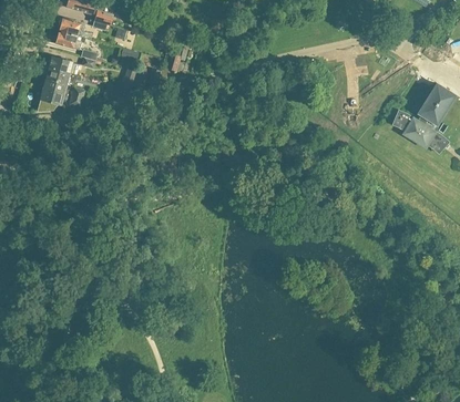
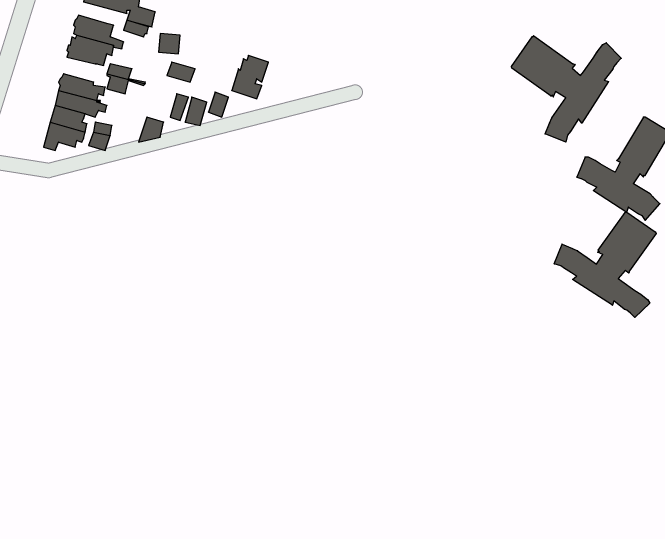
building: none -> [511,36,621,142]
building: none -> [554,212,656,317]

